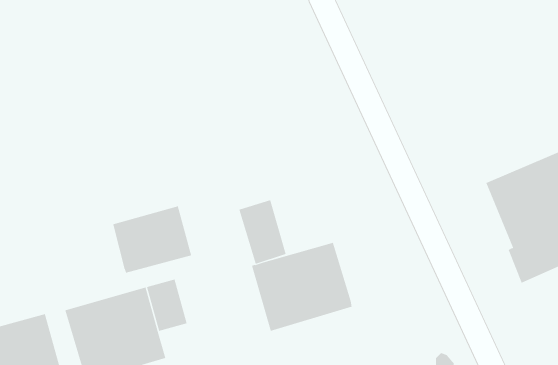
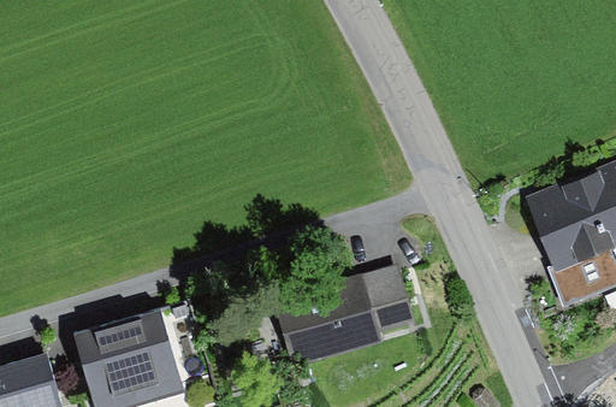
building: [238,200,286,264] -> [362,263,414,332]
building: [112,206,192,273] -> none

